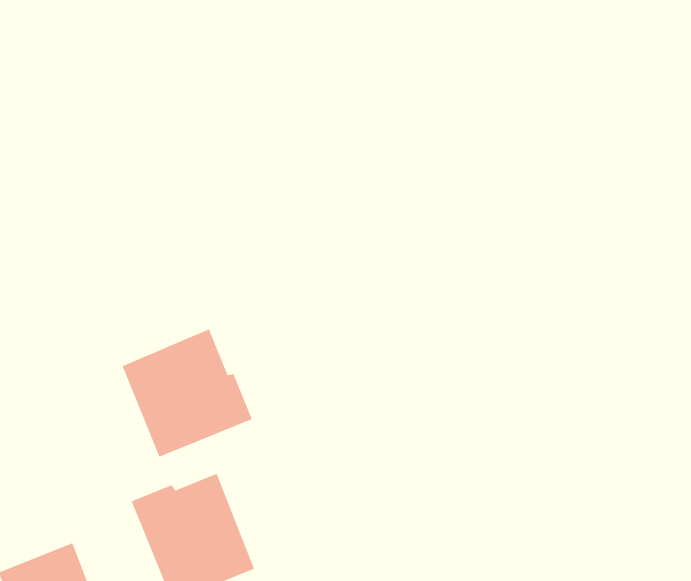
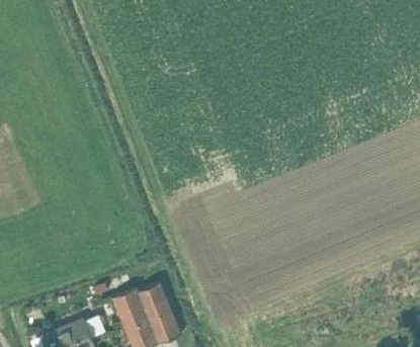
building: [122,329,253,458] -> none

